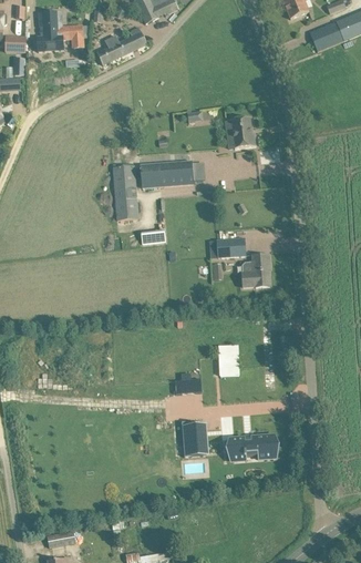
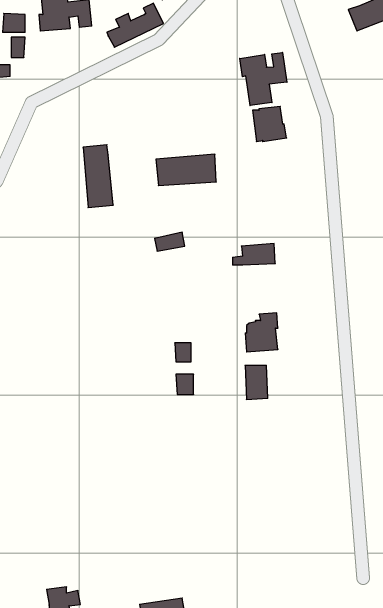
building: none -> [240,52,287,106]
building: [112,164,138,219] -> [83,145,113,208]
building: [240,253,269,287] -> [245,313,278,352]
building: [180,420,206,455] -> none
building: [229,434,275,460] -> none

